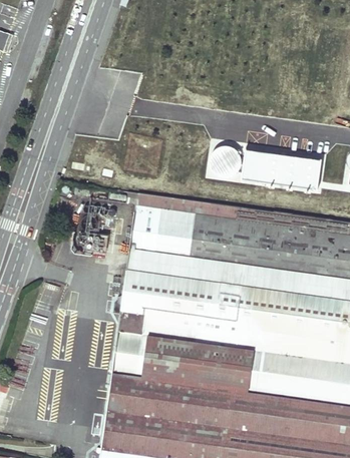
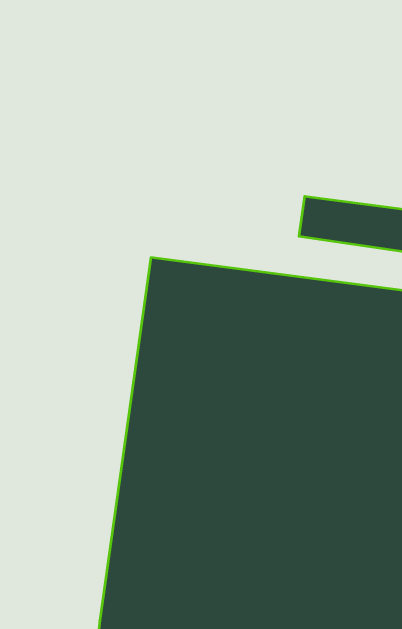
building: [211,146,242,177] -> none

